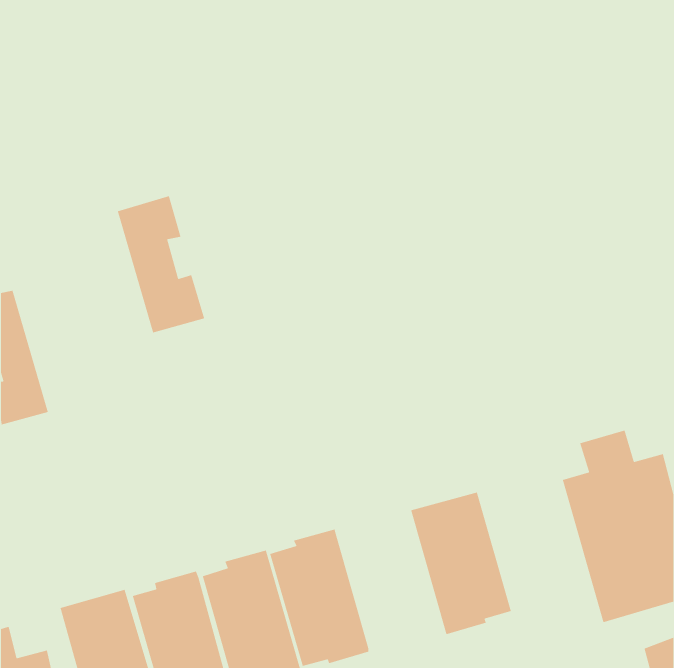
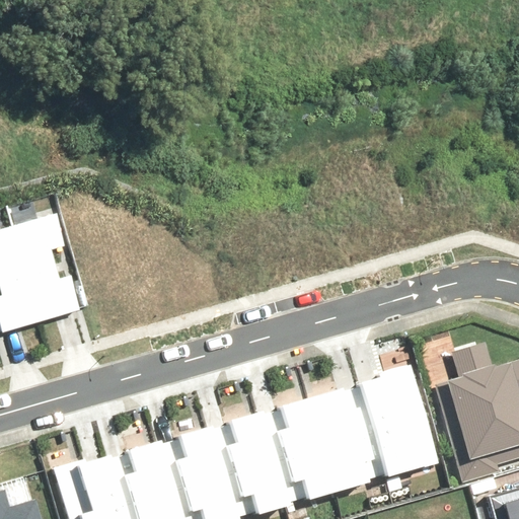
building: [117,195,205,333] -> [10,215,78,321]
building: none -> [369,367,443,472]
building: none -> [262,396,339,503]

